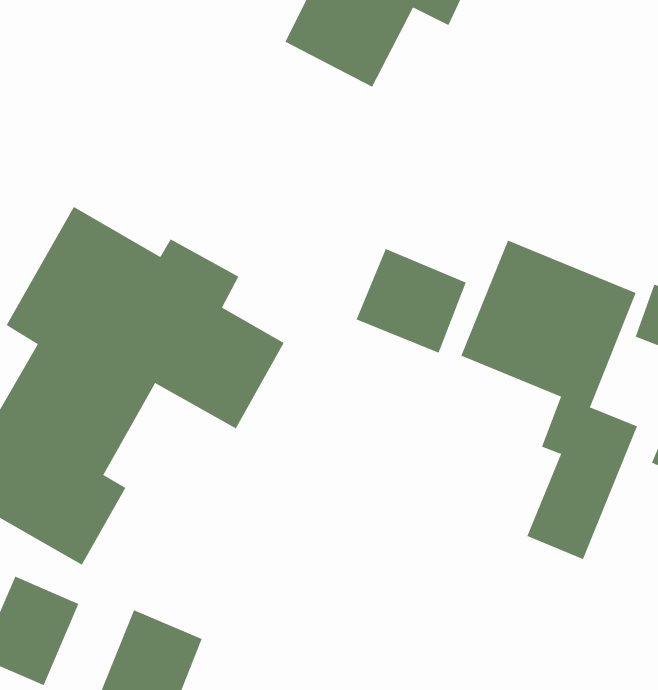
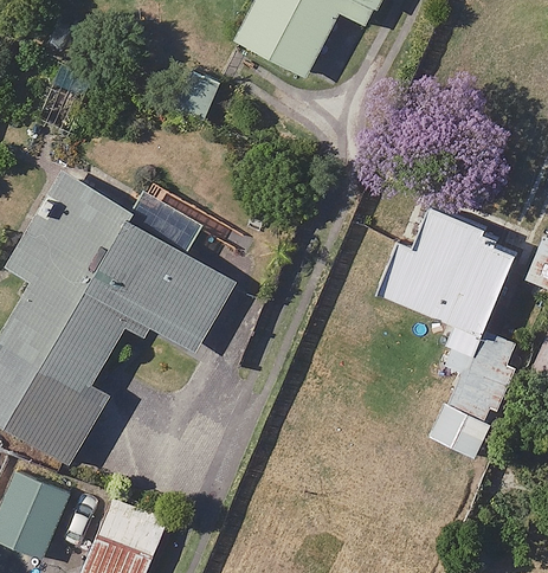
building: [356,248,467,354] -> none

